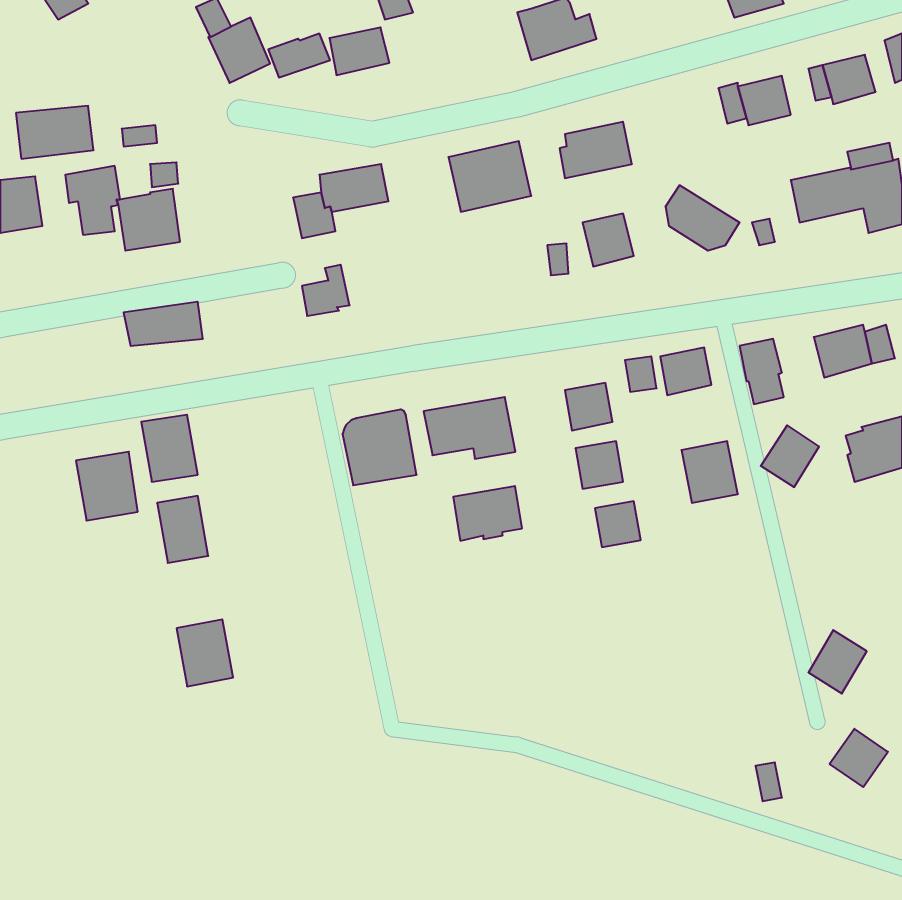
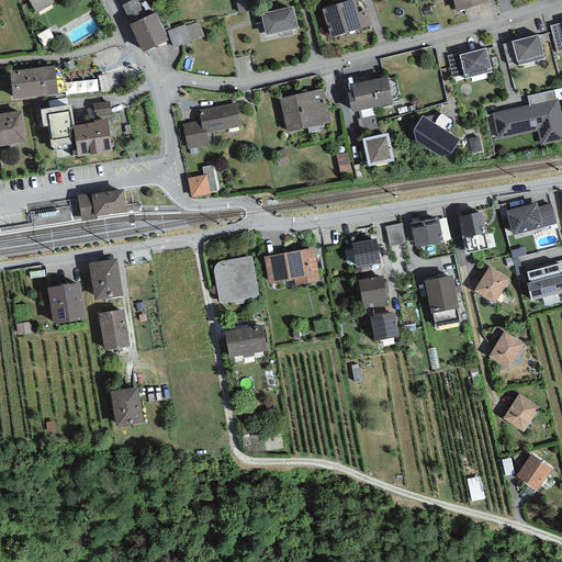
building: [329,27,389,75] -> [261,5,299,35]
building: [453,486,522,541] -> [224,324,267,358]
building: none -> [488,330,525,368]

